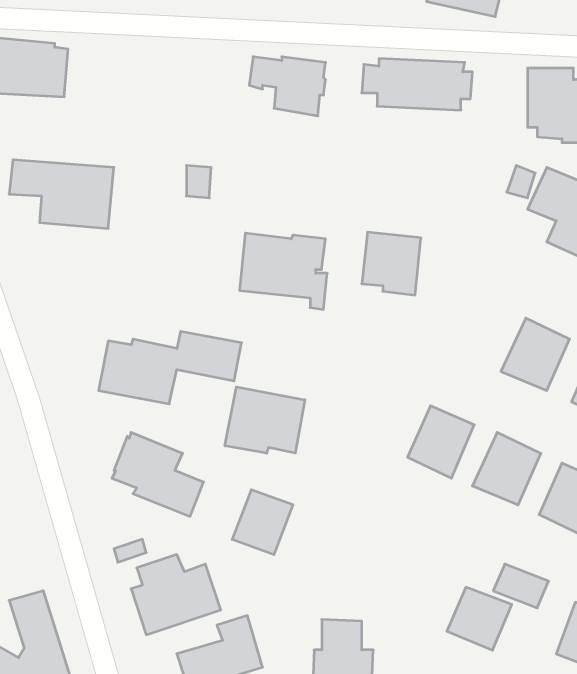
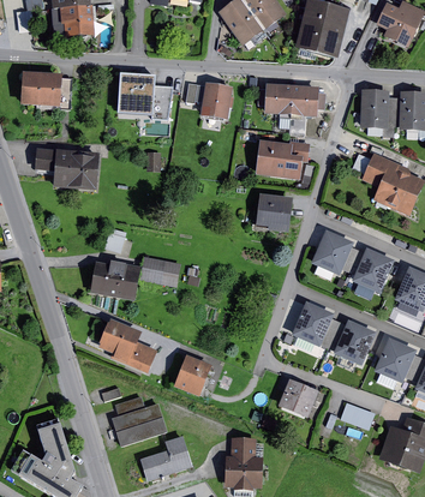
building: none -> [115,72,169,120]
building: [240,233,327,309] -> [256,139,311,187]
building: none -> [305,230,347,276]
building: [225,387,305,453] -> none
building: [447,587,512,650] -> [279,379,319,419]

